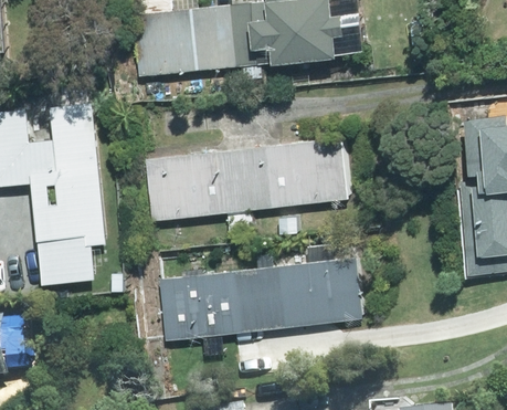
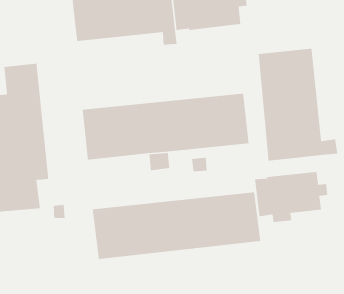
building: none -> [258,48,338,161]
building: none -> [254,171,328,223]

